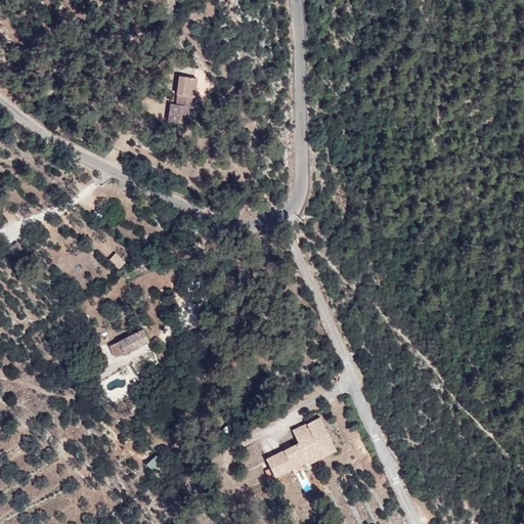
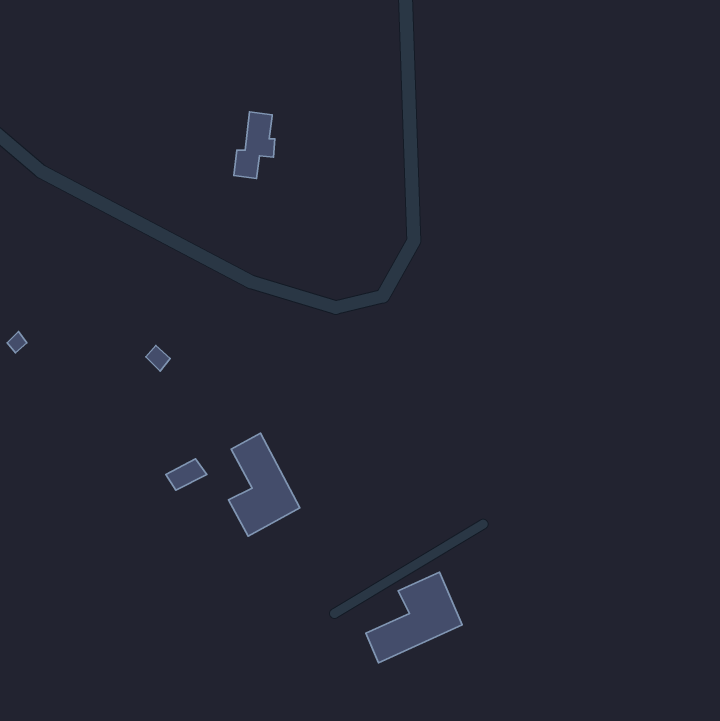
building: none -> [229,433,300,536]

